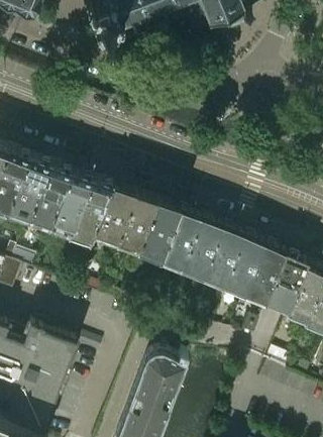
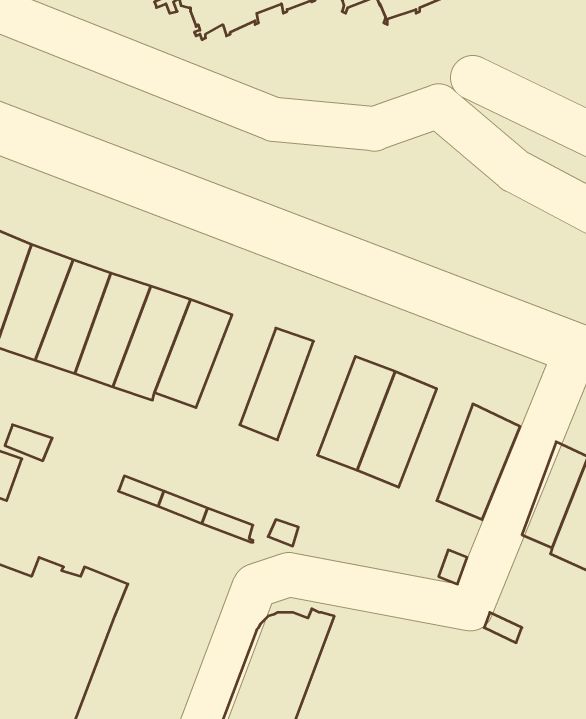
building: [113,197,155,255] -> none
building: [156,211,198,271] -> none
building: [221,236,260,296] -> none
building: [265,256,305,314] -> none

